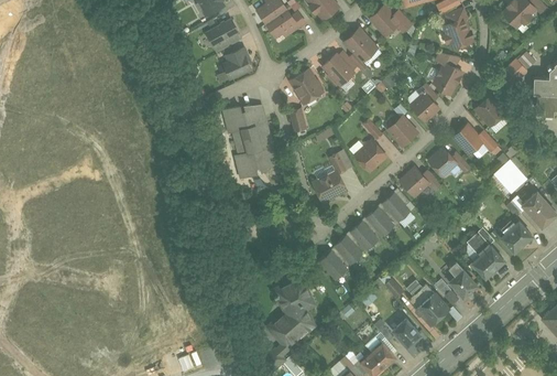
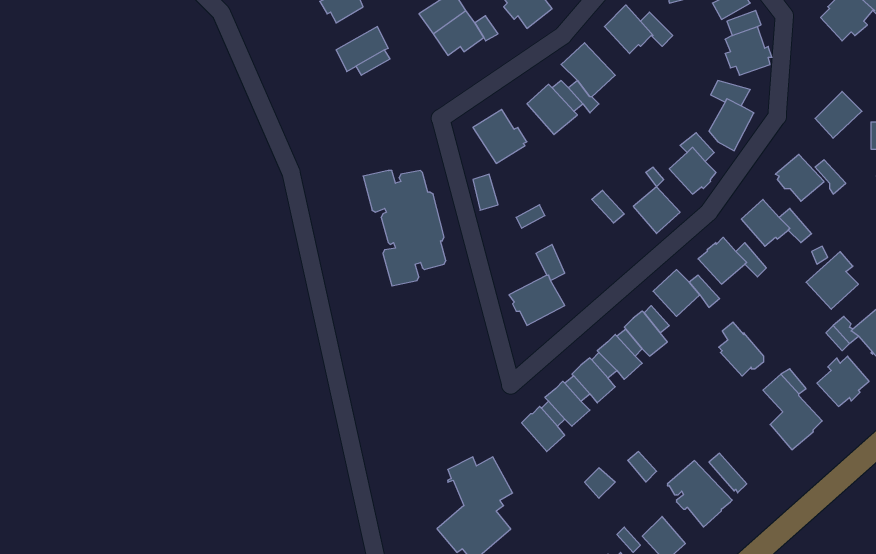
building: [222,49,251,80] -> none
building: [354,142,385,172] -> none
building: [447,264,474,297] -> [719,322,764,376]

